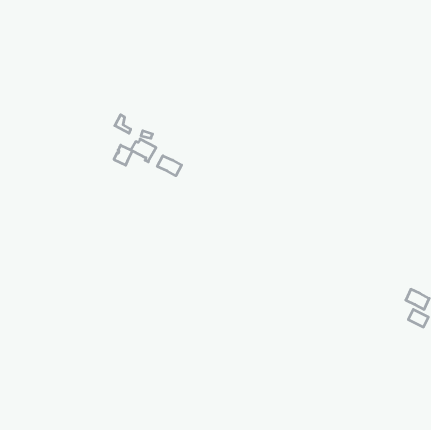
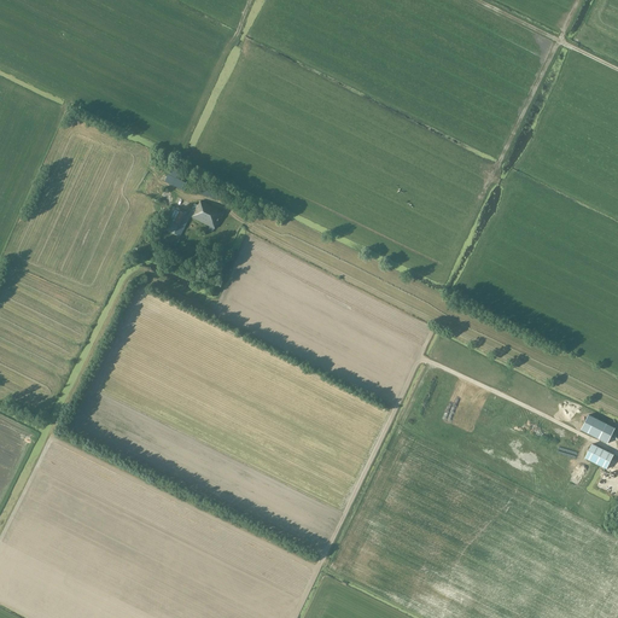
building: [157,156,182,176] -> none

